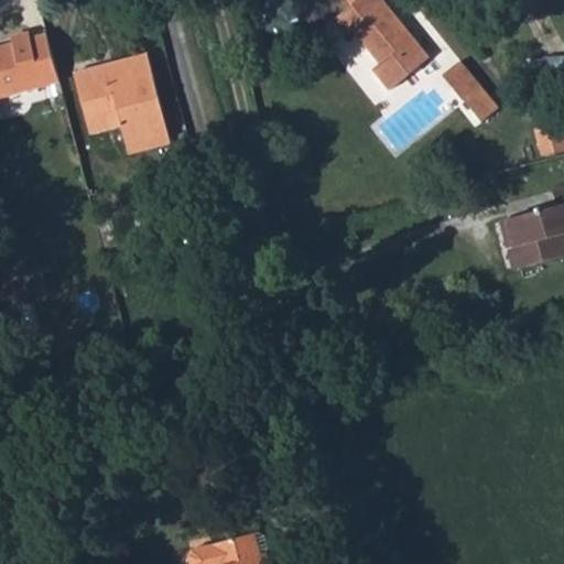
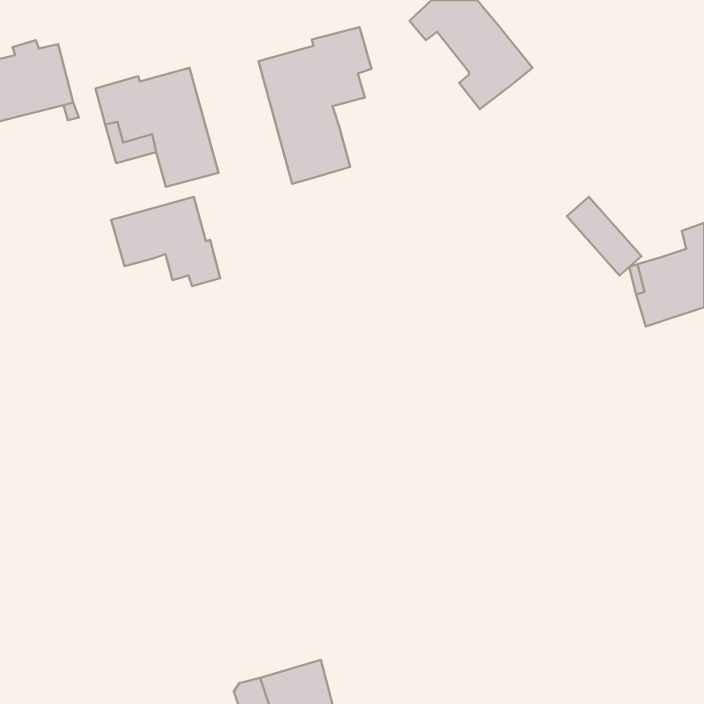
building: none -> [258,27,371,184]
building: [445,65,505,128] -> [567,197,642,276]
building: none -> [111,197,220,286]

